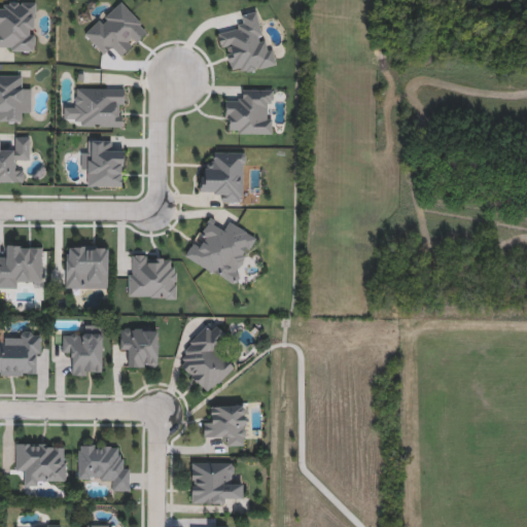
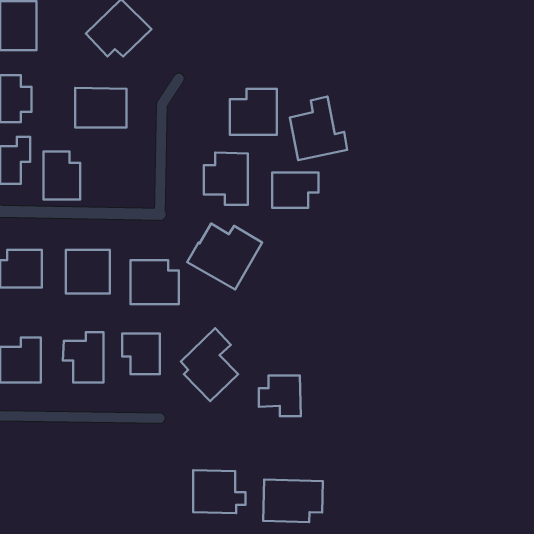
building: [219,10,276,73] -> [290,96,347,160]
building: [87,139,124,186] -> [43,151,80,199]
building: none -> [272,172,318,208]
building: [204,407,245,447] -> [259,376,301,416]
building: [15,445,66,487] -> none
building: [78,446,129,492] -> none
building: none -> [263,480,323,522]

